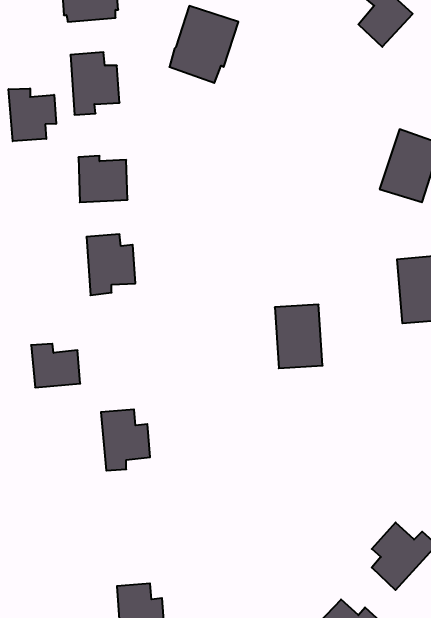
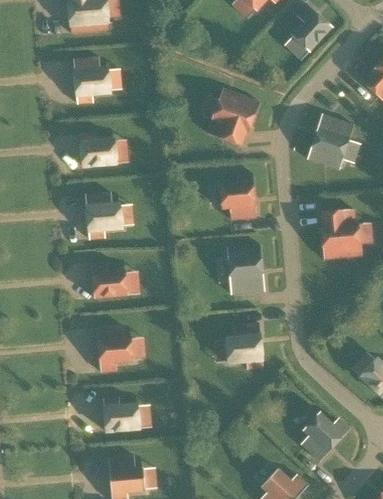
building: [169,6,238,83] -> [207,88,259,146]
building: [9,88,56,141] -> none
building: none -> [220,174,256,219]
building: [31,344,80,387] -> [91,265,128,298]
building: none -> [225,323,264,368]
building: none -> [104,397,139,431]

